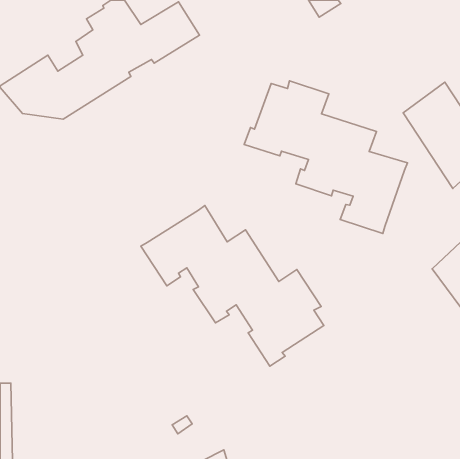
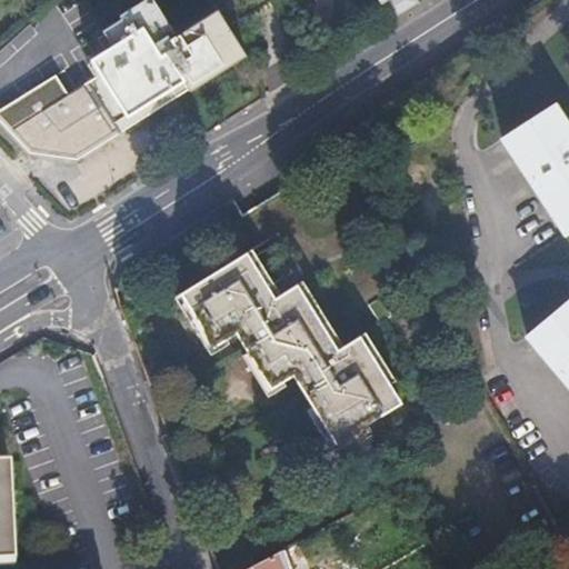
building: [244,81,408,233] -> none

